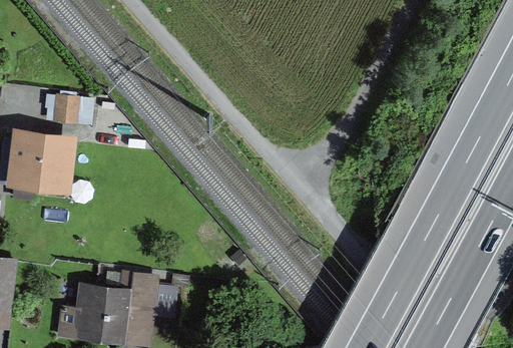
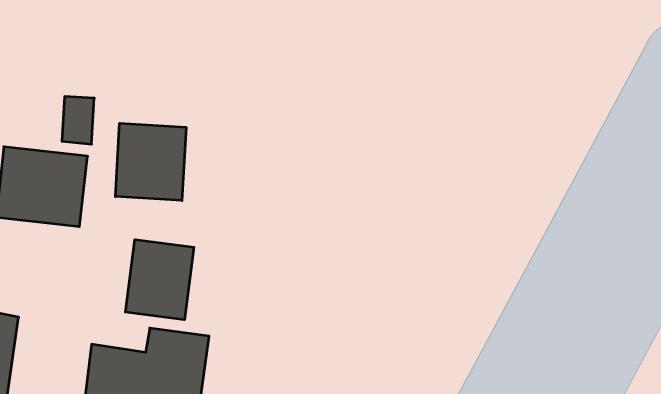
building: none -> [115,123,186,201]
building: none -> [125,240,194,320]

